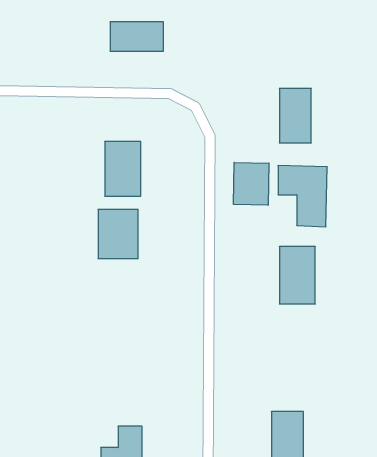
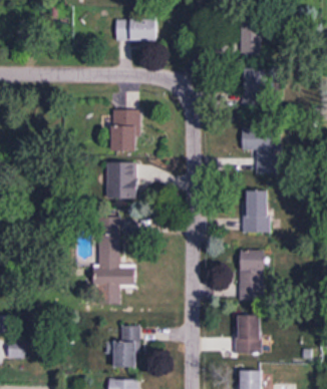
building: none -> [240,20,262,57]
building: [233,162,269,205] -> none
building: none -> [97,217,134,303]
building: none -> [240,251,264,299]

